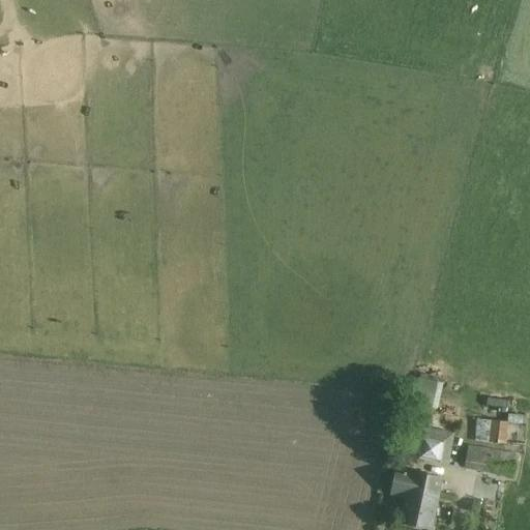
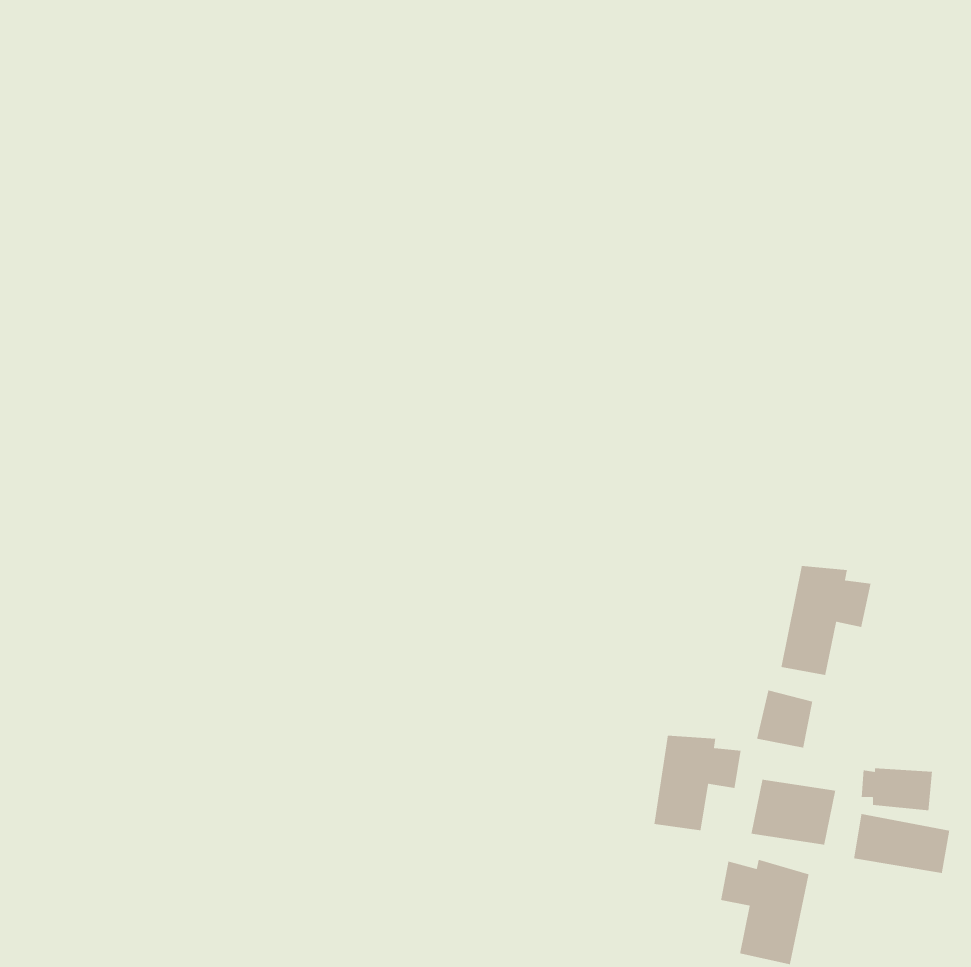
building: none -> [781,565,871,676]
building: none -> [654,735,742,831]

